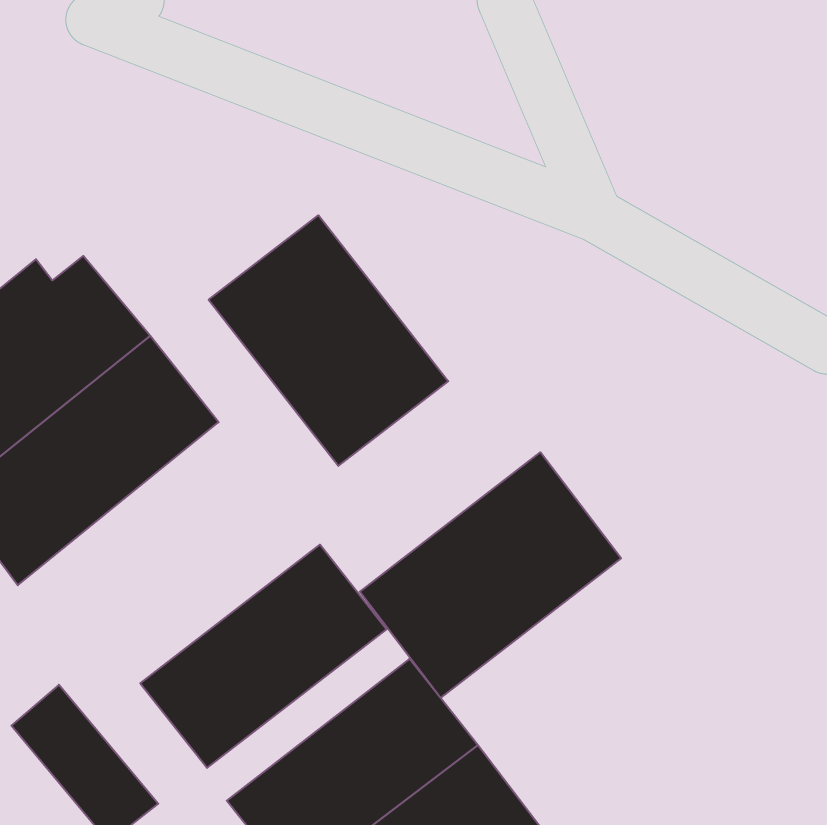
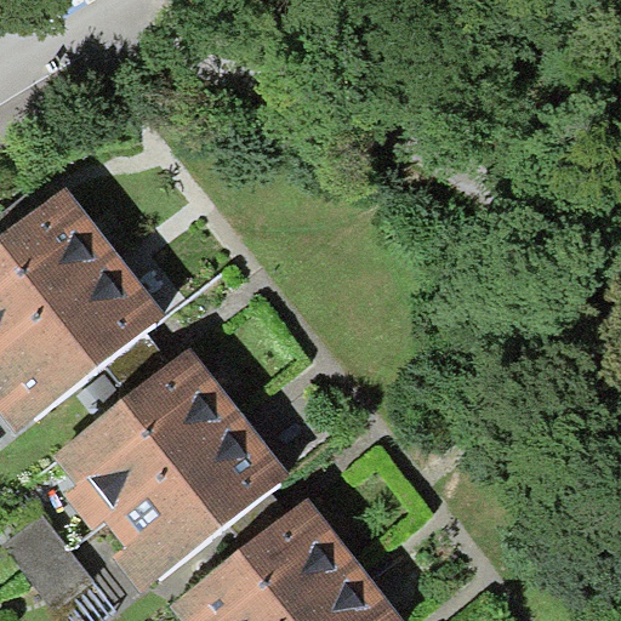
building: [209,215,448,466] -> none
building: [360,452,621,698] -> none
building: none -> [56,348,238,514]

